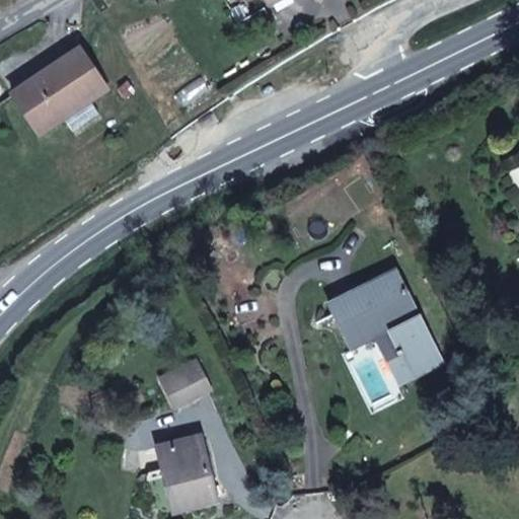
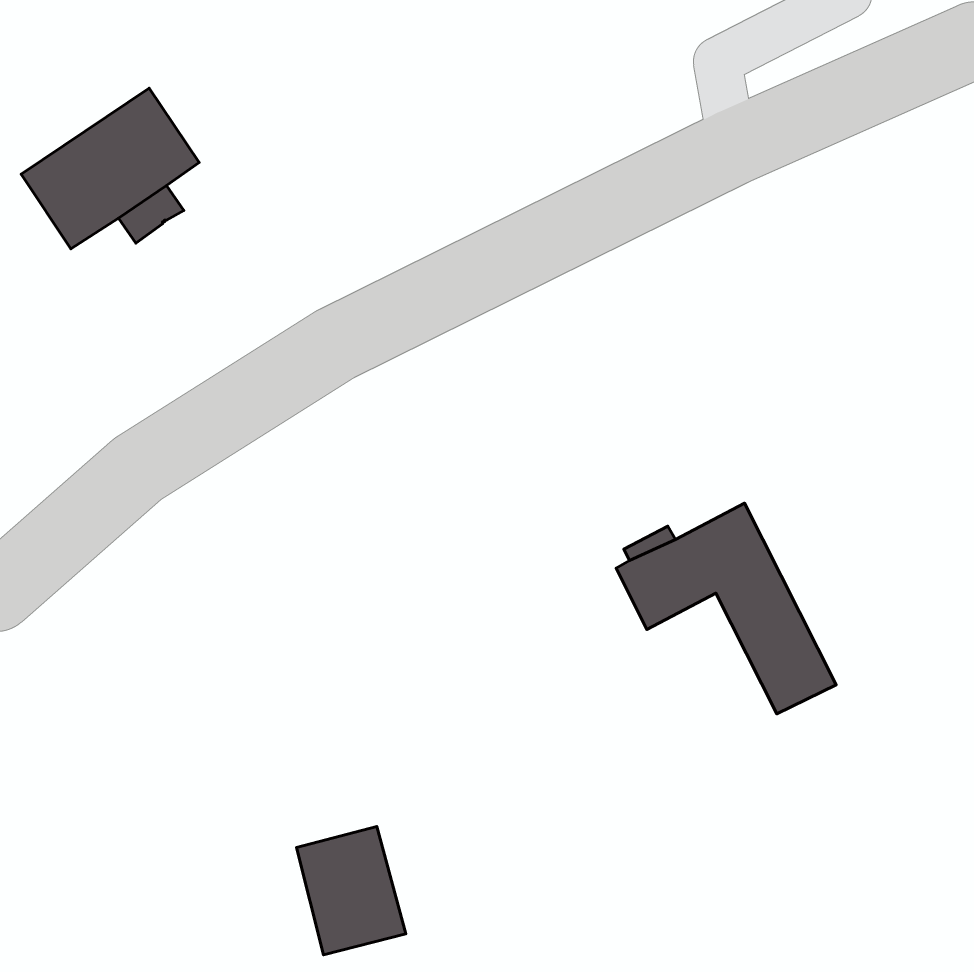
building: [343,314,412,385] -> none
building: [159,359,209,404] -> none

